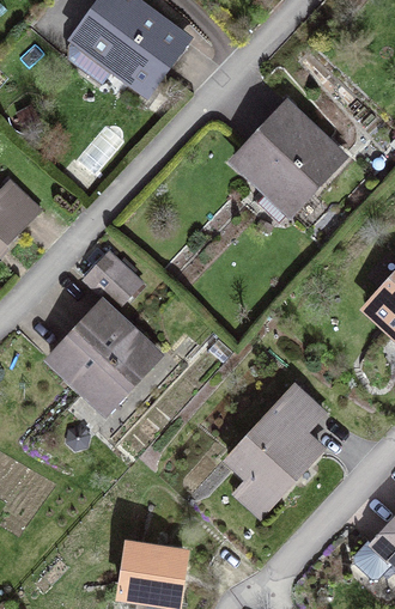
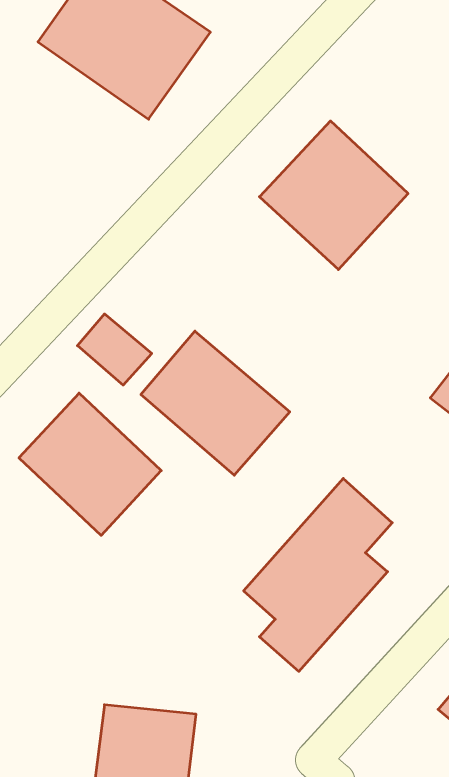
building: none -> [141,331,290,475]

